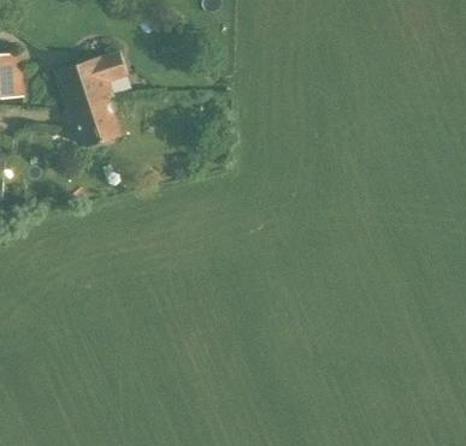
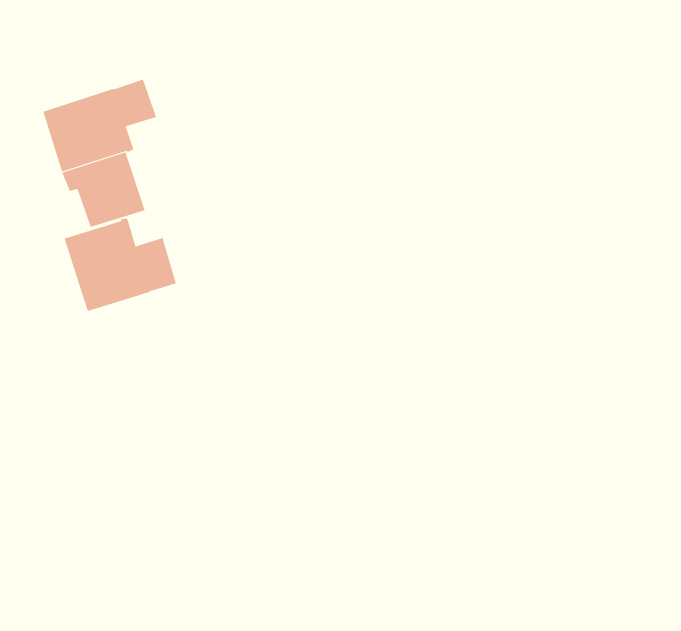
building: none -> [64,218,177,312]

